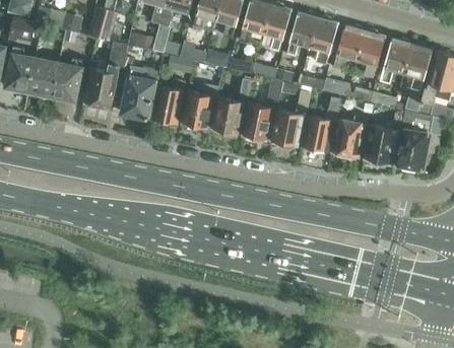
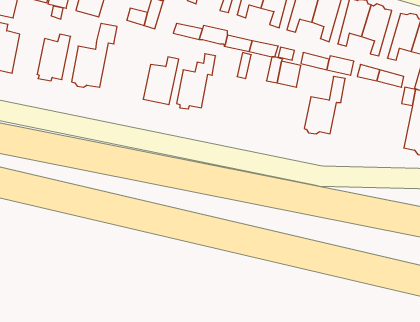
building: [28,58,59,97] -> none
building: [122,67,154,119] -> none
building: [272,90,312,146] -> none
building: [212,96,243,133] -> none
building: [243,105,272,140] -> none
building: [333,115,366,157] -> none
building: [365,124,398,164] -> none

